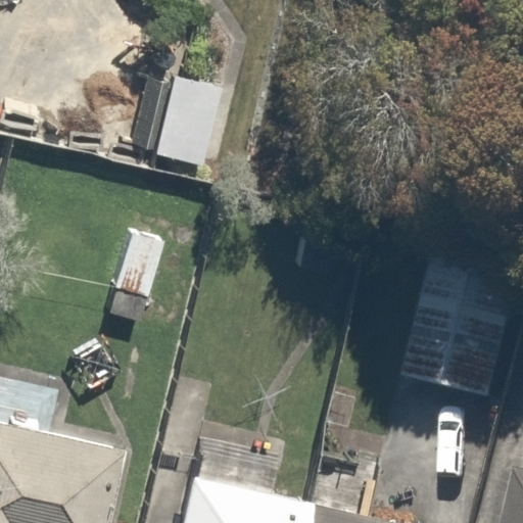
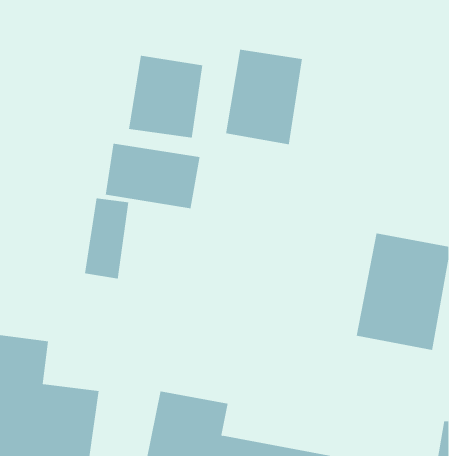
building: none -> [226,49,303,145]
building: none -> [105,143,200,209]

